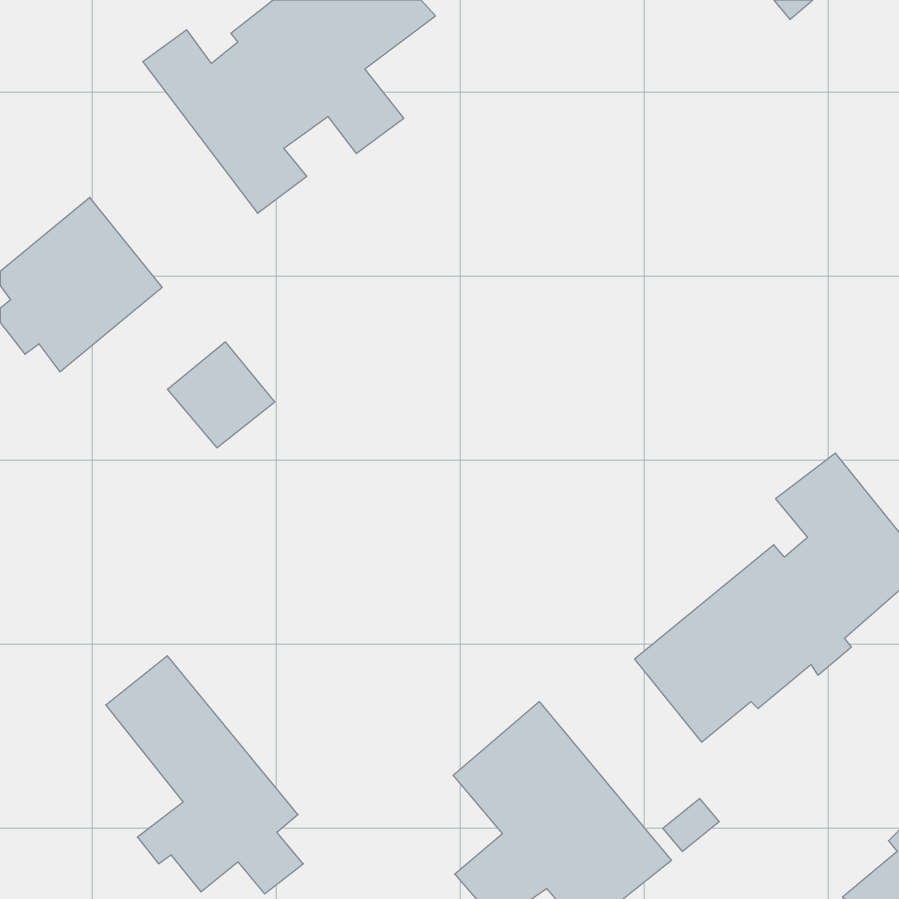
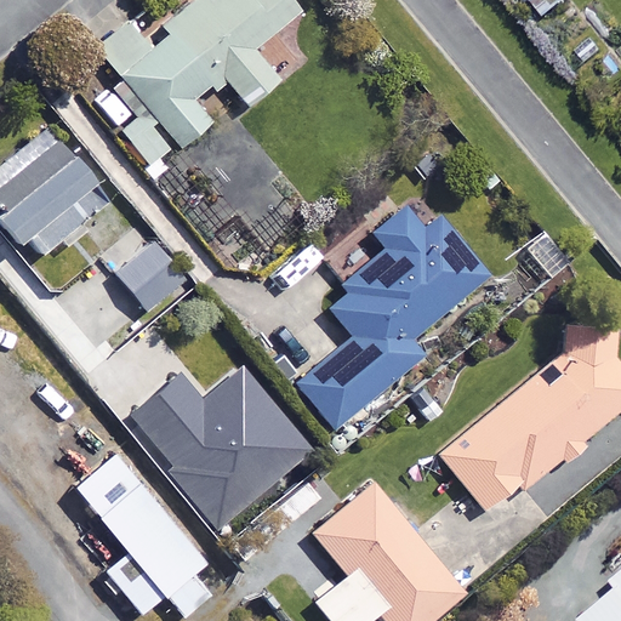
building: none -> [296,198,484,429]
building: none -> [132,366,320,536]

